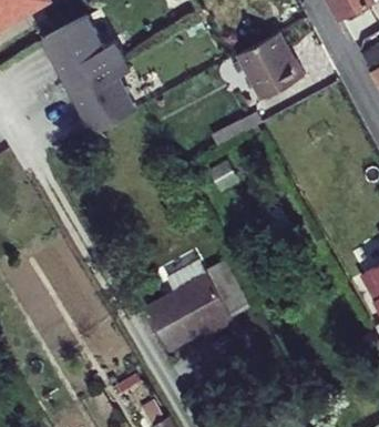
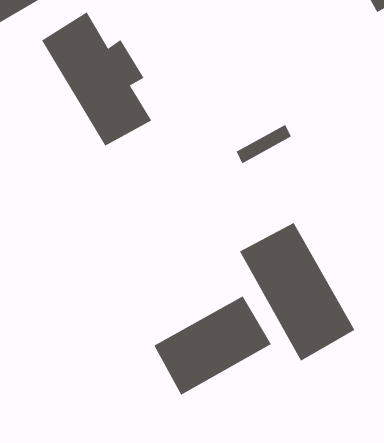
building: [239,38,306,102] -> none
building: none -> [239,222,355,362]

